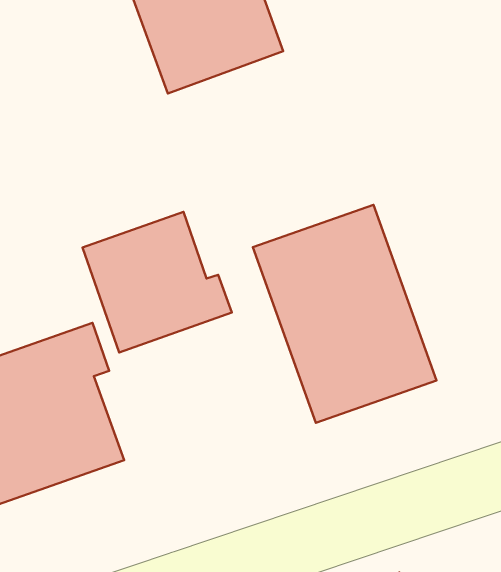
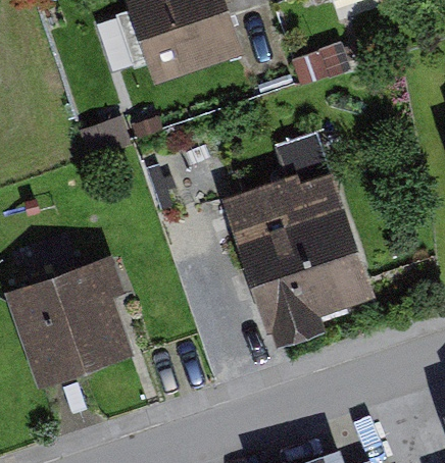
building: [82,212,232,352] -> none

